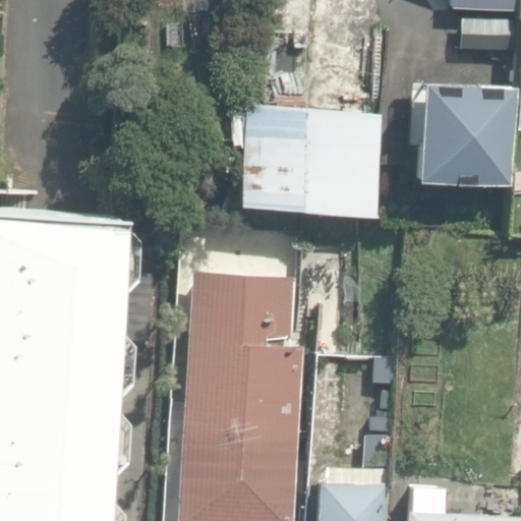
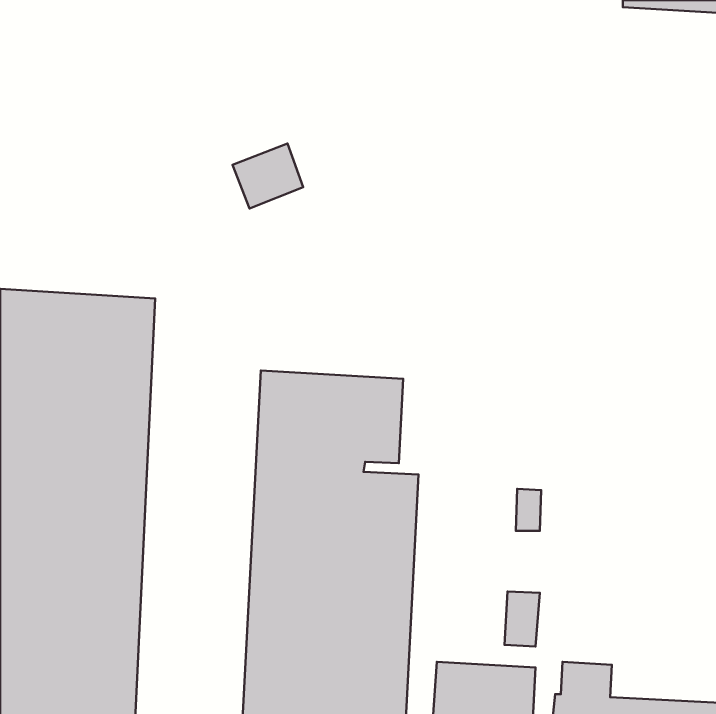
building: [415,80,516,187] -> none
building: [237,105,385,218] -> none

